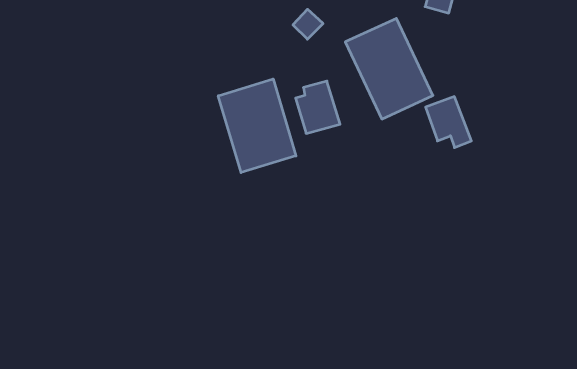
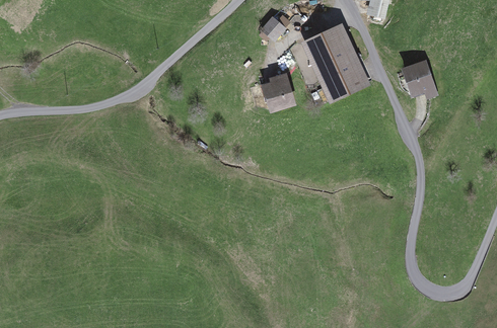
building: [218,79,296,173] -> none
building: [426,97,471,148] -> [404,60,439,99]

